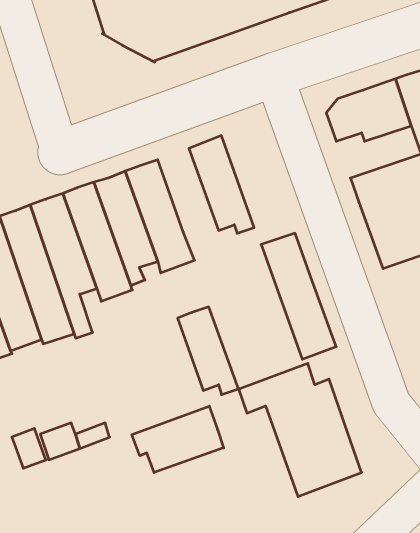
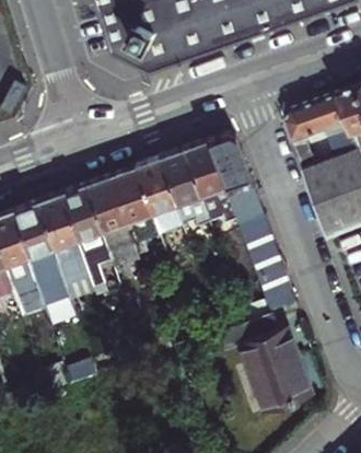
building: none -> [203,131,260,222]
building: [178,307,238,395] -> [154,148,201,216]
building: [132,406,224,473] -> none

